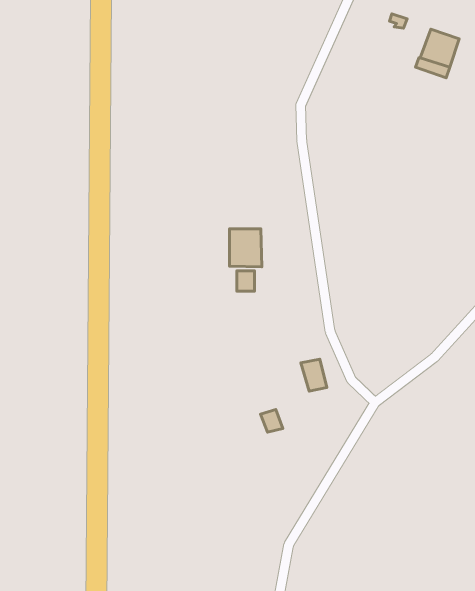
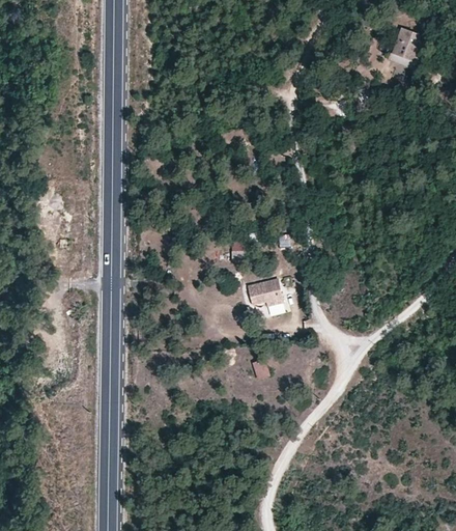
building: [230,229,262,267] -> none
building: [301,359,327,391] -> [258,278,281,306]

